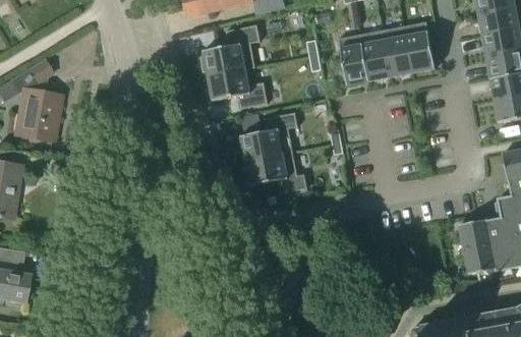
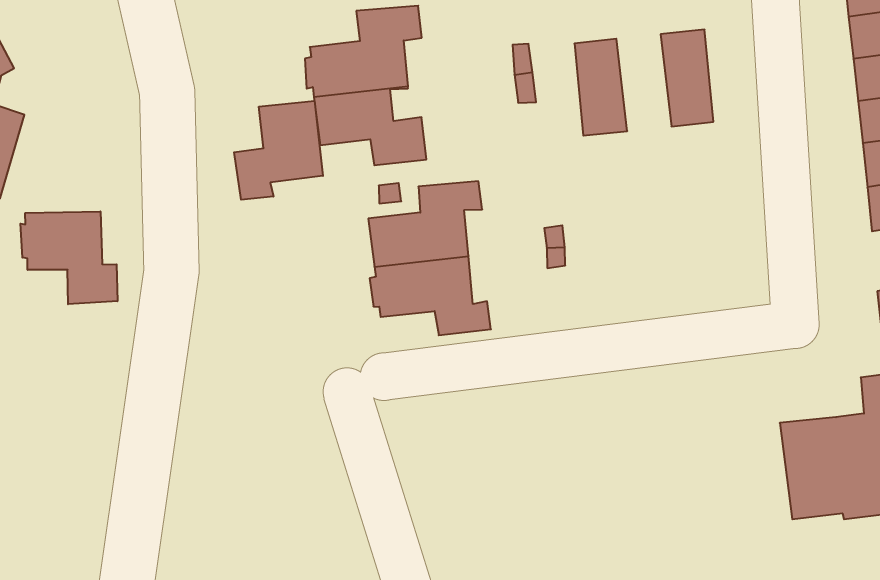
building: [405,22,436,73] -> none
building: [360,31,392,81] -> none
building: none -> [234,101,323,200]
building: none -> [20,211,117,304]

